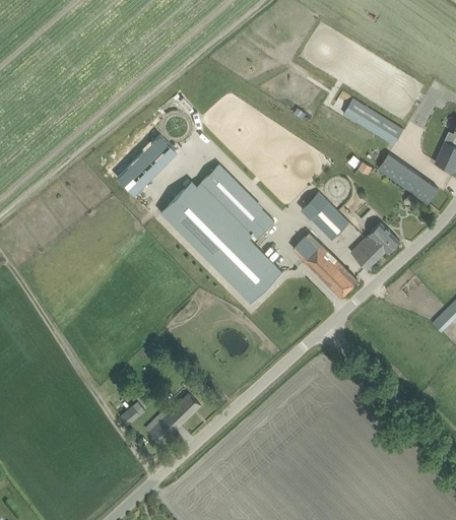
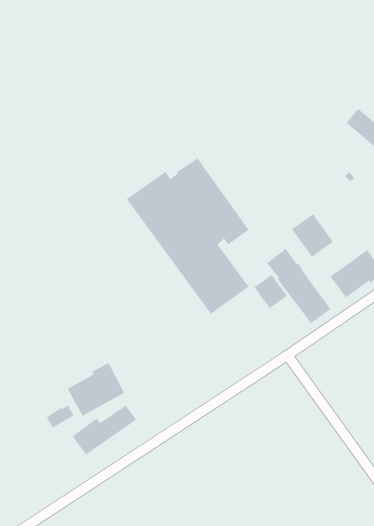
building: [124,134,181,191] -> none
building: none -> [254,274,288,309]
building: none -> [67,362,125,417]

